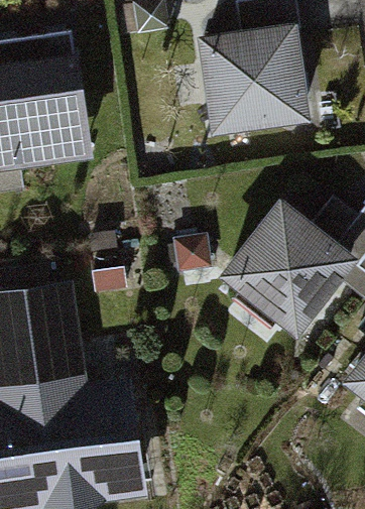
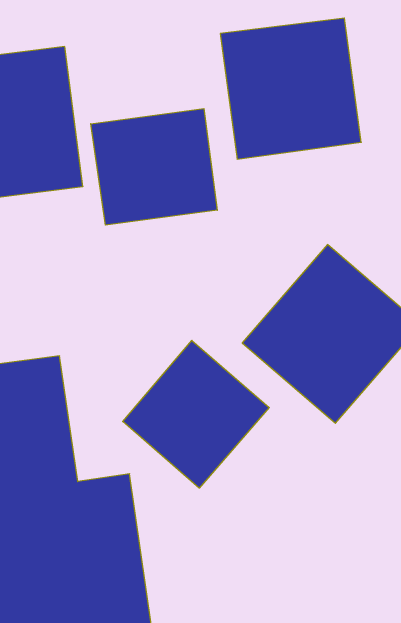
building: none -> [91,109,217,225]
building: none -> [123,340,269,488]

